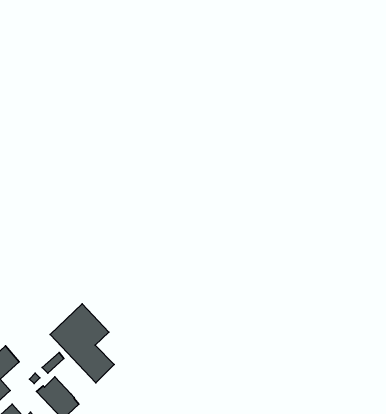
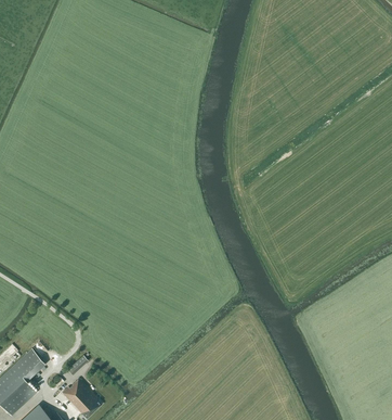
building: [50,304,114,383] -> none

